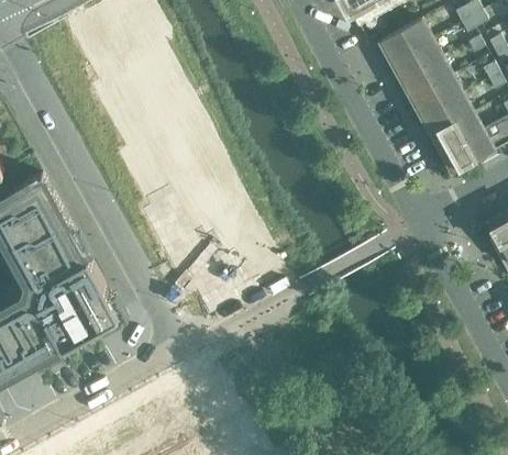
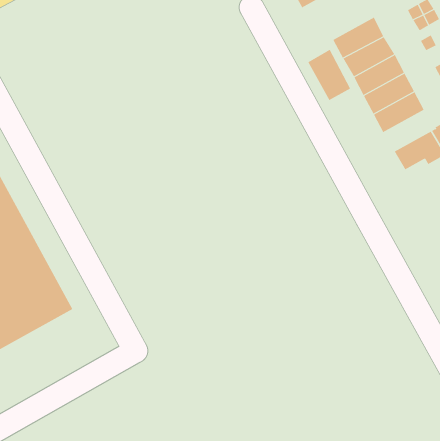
building: none -> [308,49,351,101]
building: [432,116,485,158] -> none

